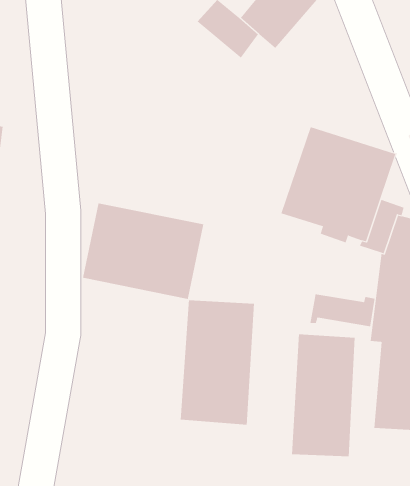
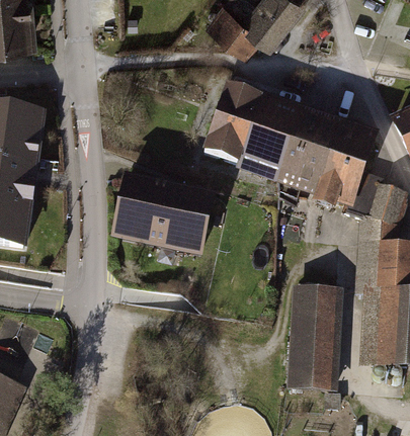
building: none -> [200,80,305,182]
building: [310,293,375,327] -> none
building: [180,299,255,425] -> none

